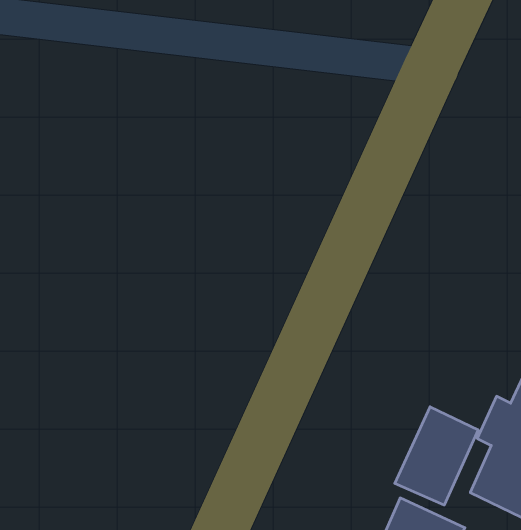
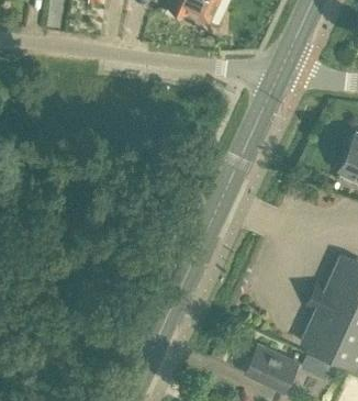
building: [395,407,478,505] -> none

